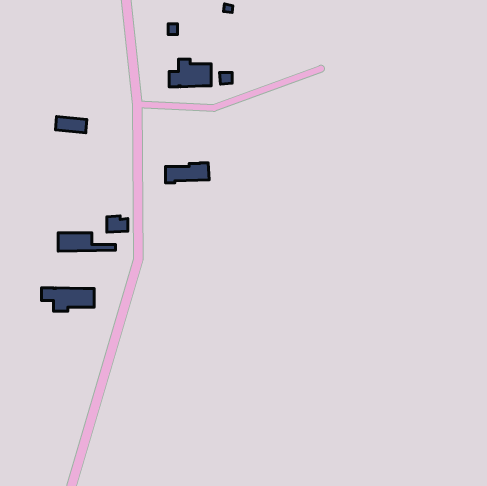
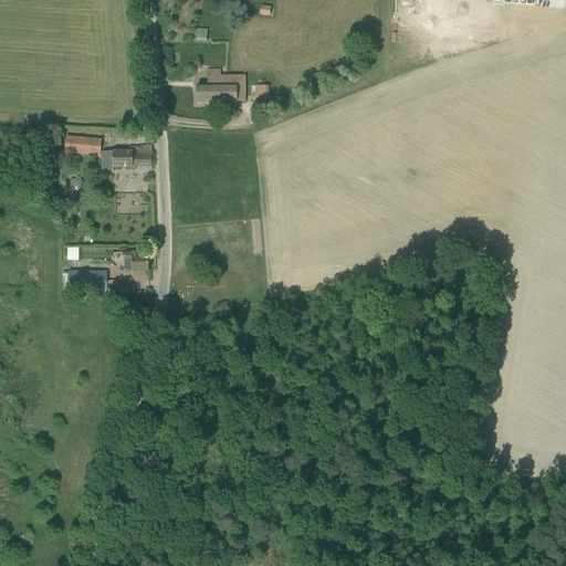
building: [165,163,209,183] -> [101,145,151,168]
building: [41,288,94,311] -> none

